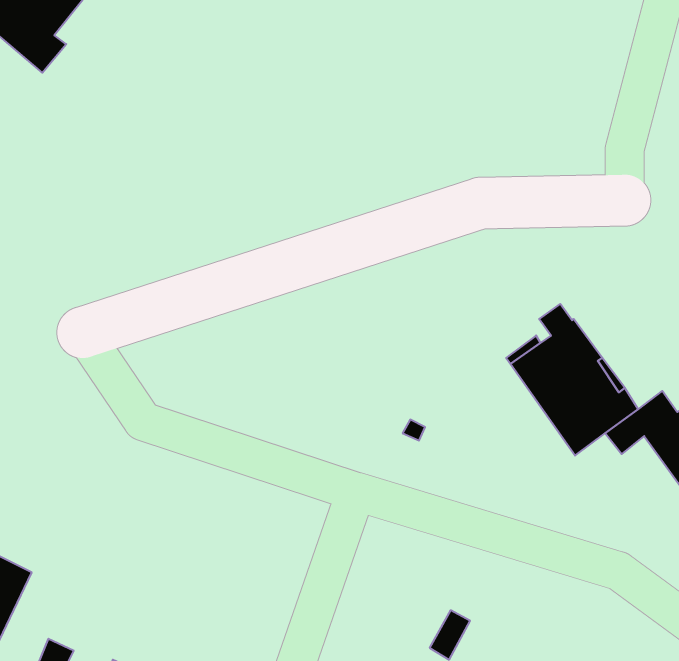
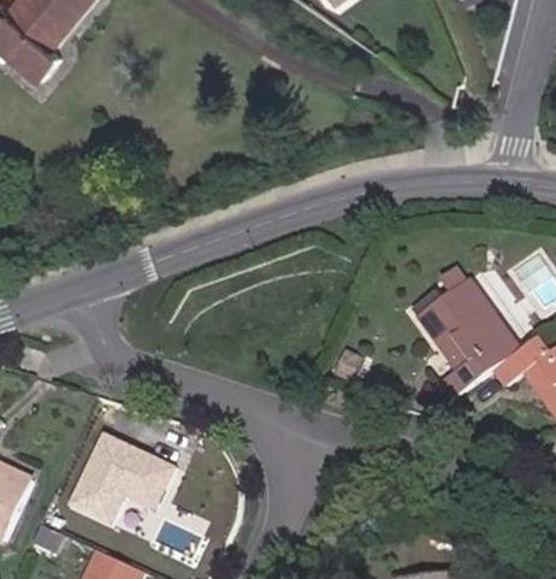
building: none -> [63,433,171,528]

